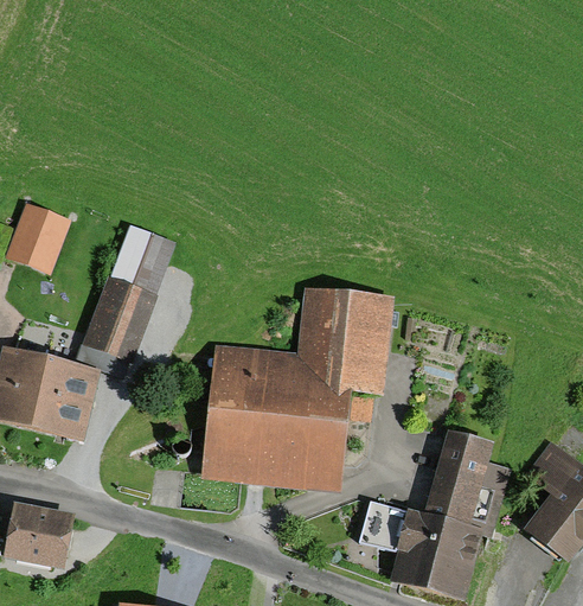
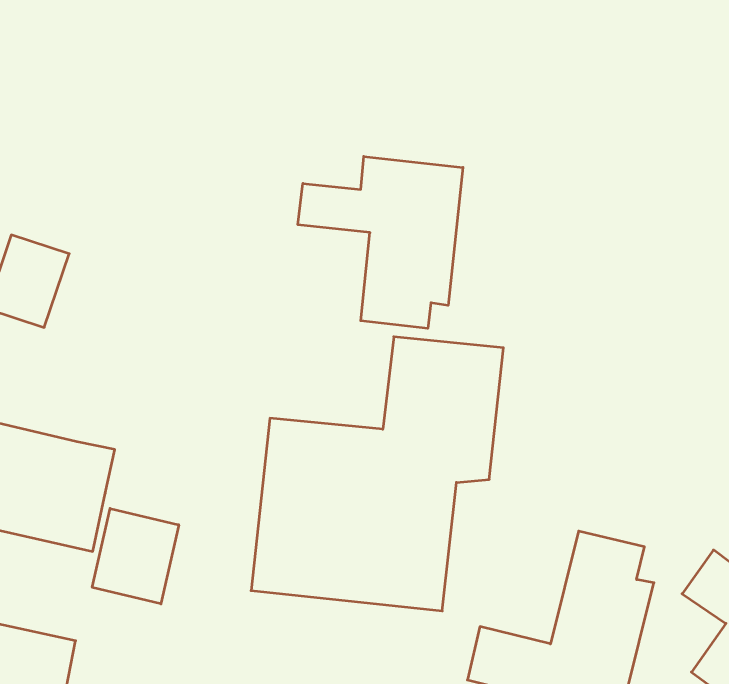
building: none -> [298,156,463,328]
building: [70,225,172,376] -> none
building: none -> [92,508,179,604]

